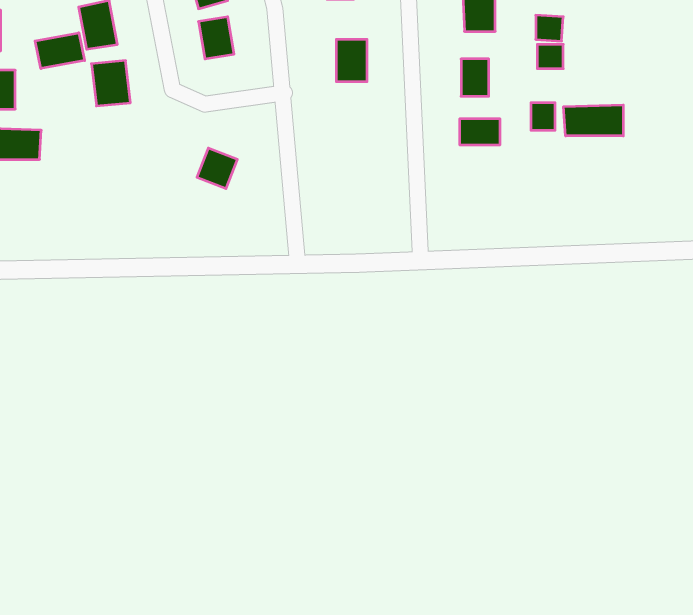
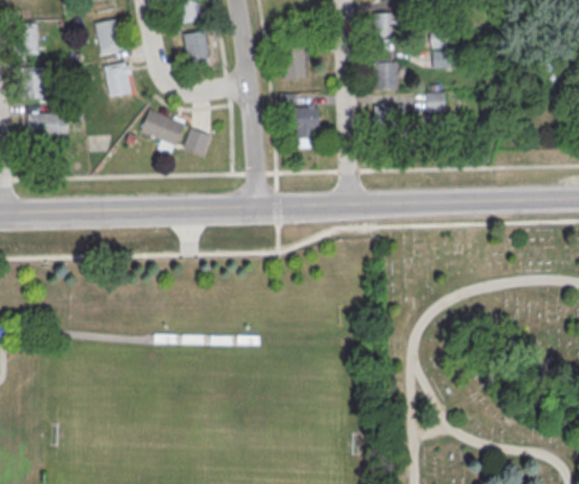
building: [35,33,85,69] -> none
building: [564,105,623,136] -> none
building: none -> [294,105,319,148]
building: none -> [139,106,186,147]

